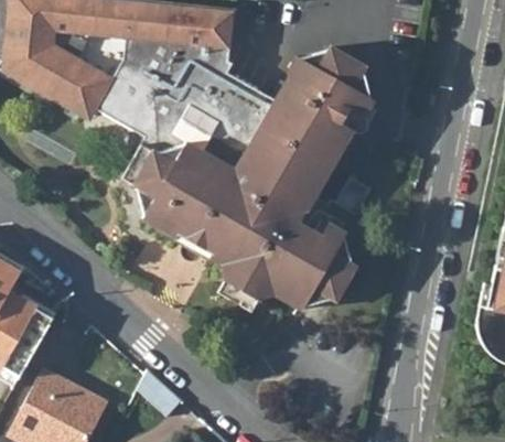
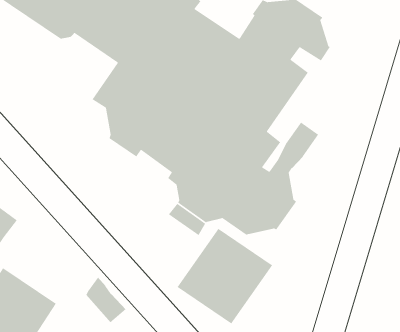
building: none -> [176,228,273,325]

